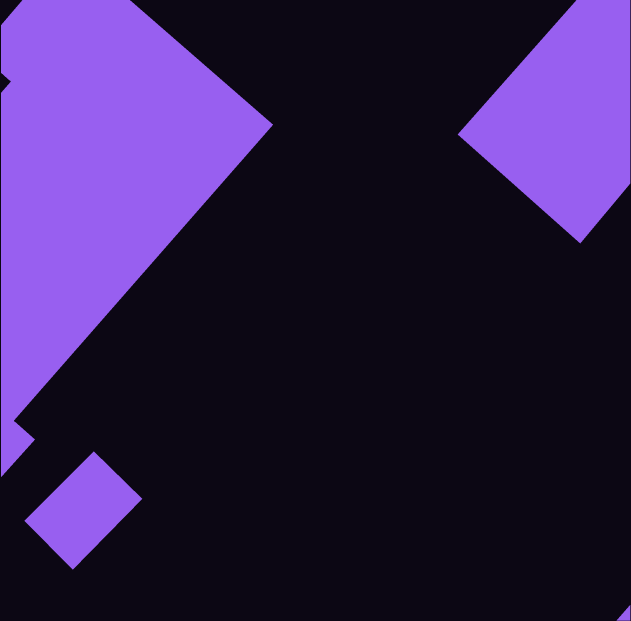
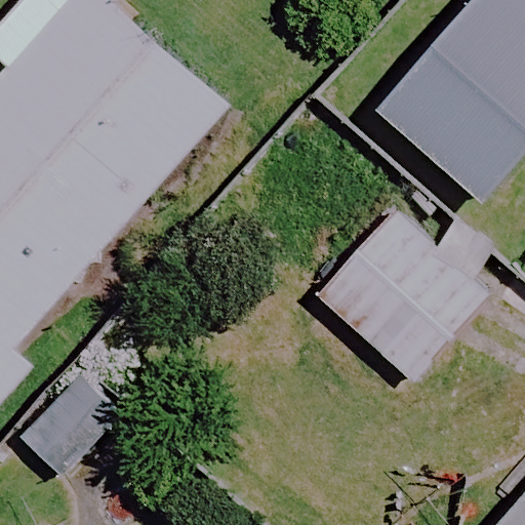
building: none -> [316,207,489,379]

